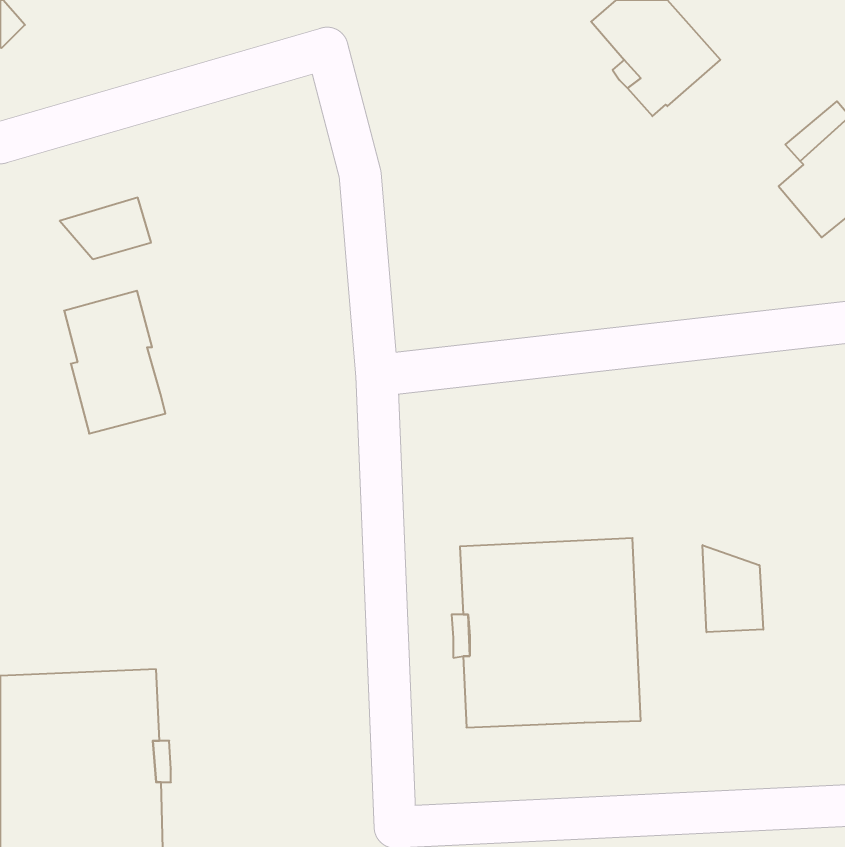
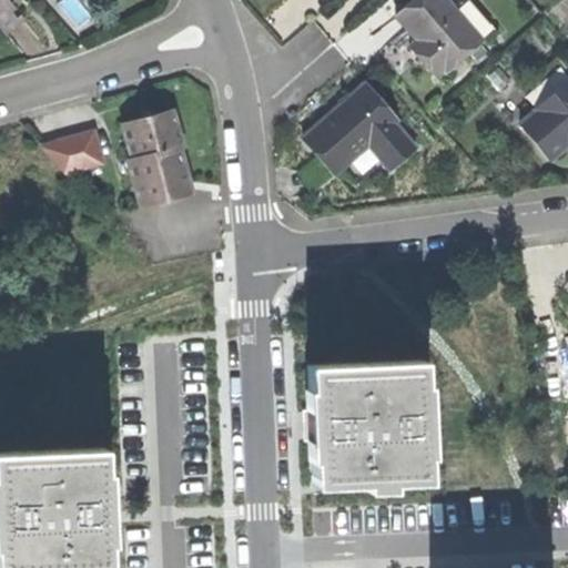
building: none -> [305,87,416,175]
building: [64,291,165,434] -> [125,112,193,207]
building: [703,545,763,632] -> none

